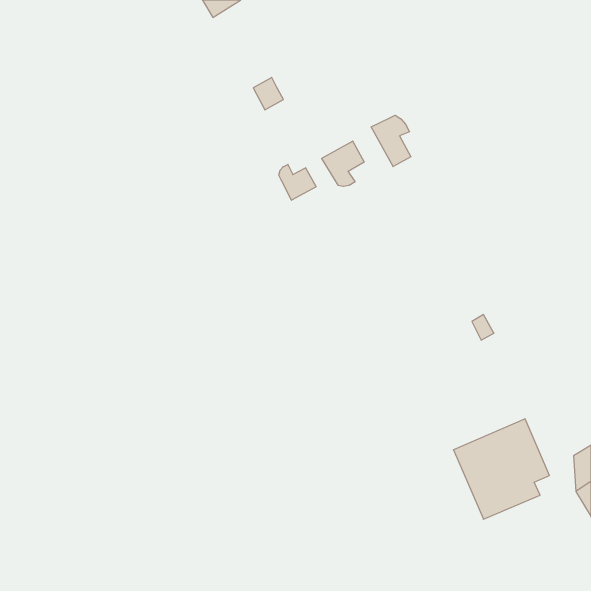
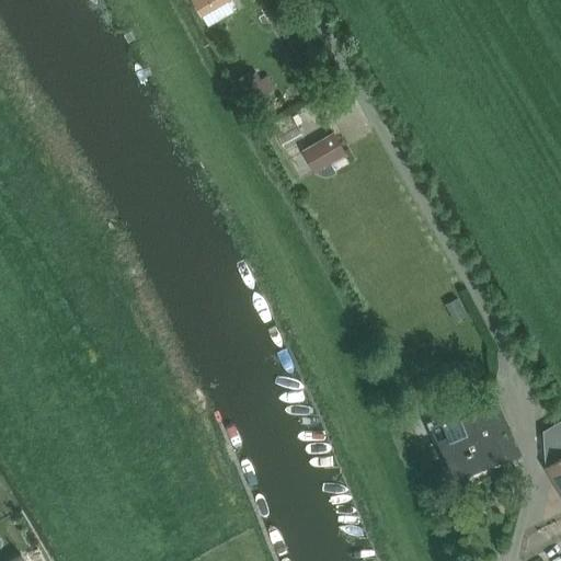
building: [371,115,411,167] -> none
building: [279,164,316,200] -> none

